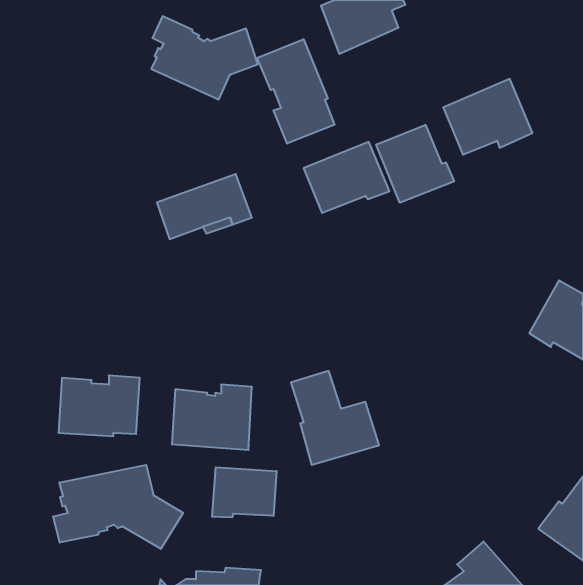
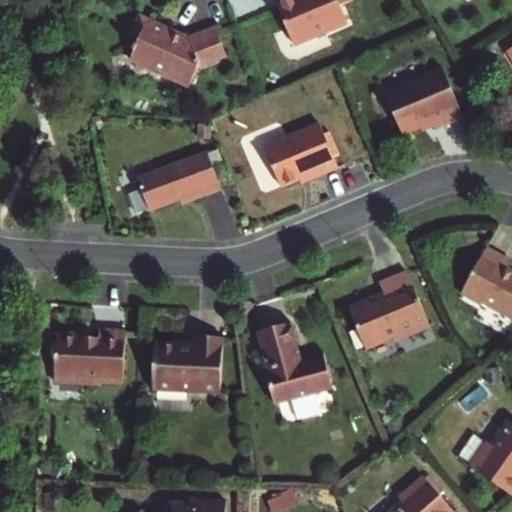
building: [257,39,335,144] -> none
building: [376,125,454,203] -> none
building: none -> [348,269,431,345]
building: [53,465,183,549] -> none
building: [212,467,277,517] -> none

